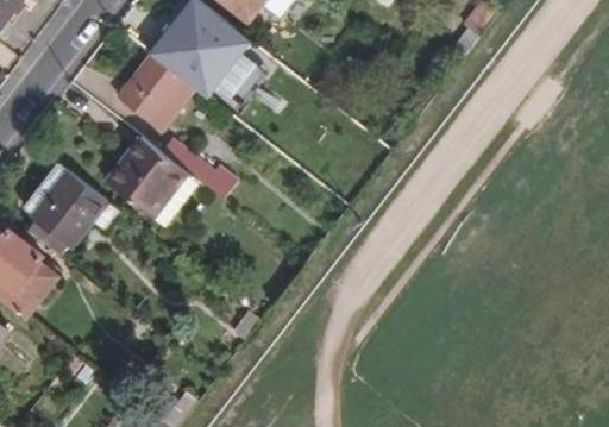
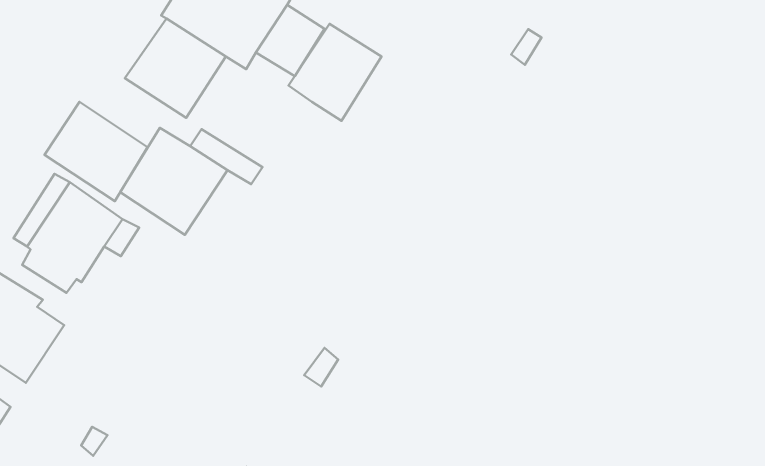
building: none -> [289,24,382,121]
building: none -> [45,102,148,201]

